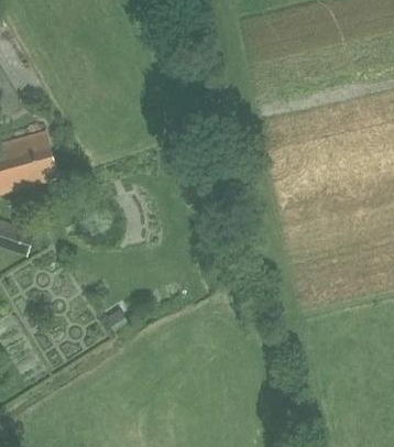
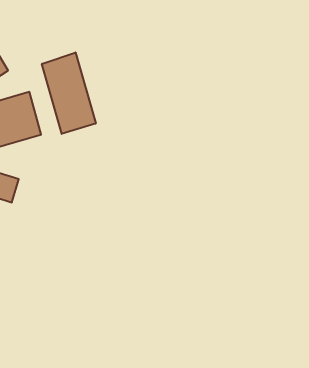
building: none -> [42,52,96,134]

